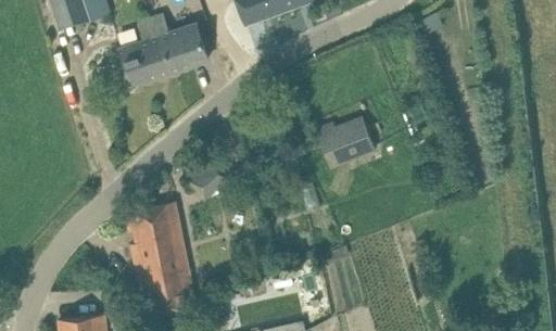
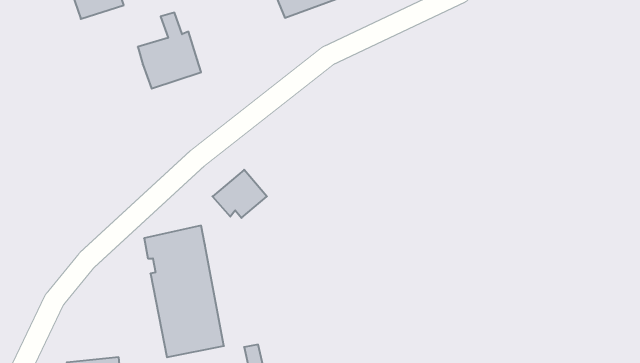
building: [151,15,207,71] -> none
building: [318,118,372,166] -> none

